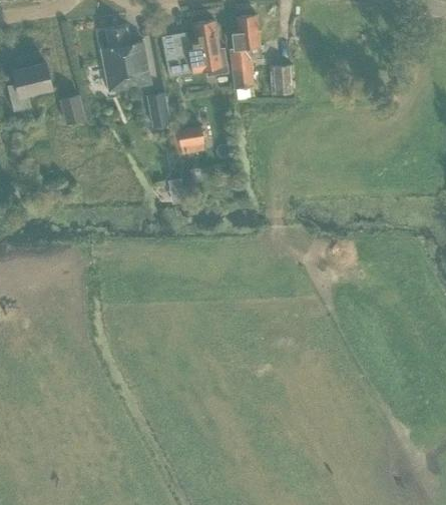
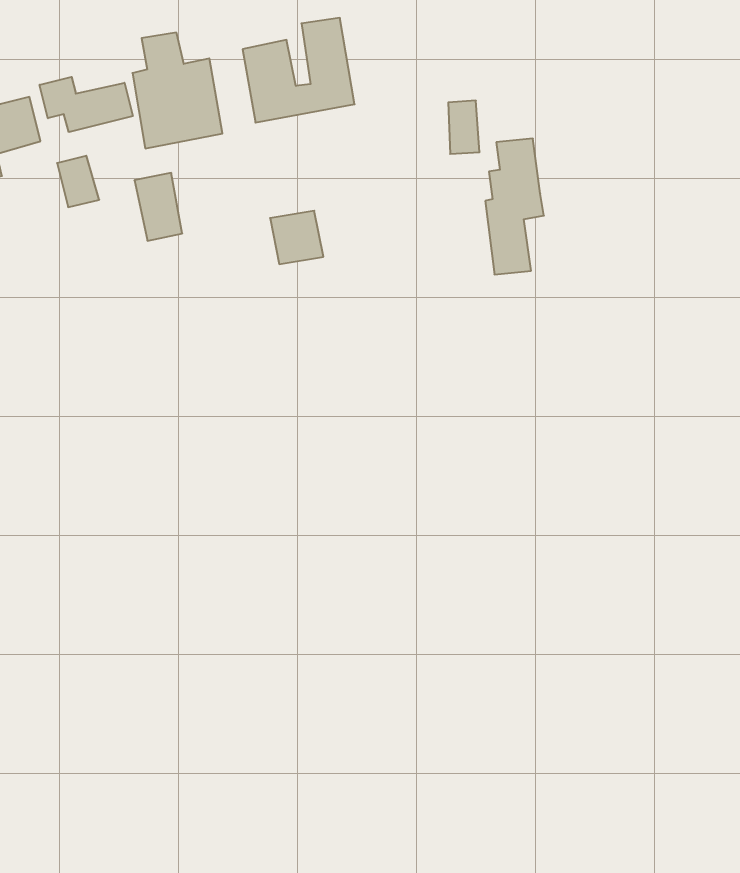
building: [230,15,262,89] -> [485,139,544,274]
building: none -> [40,77,133,132]
building: [145,91,171,128] -> [134,173,182,241]

